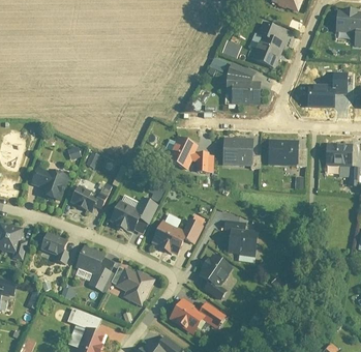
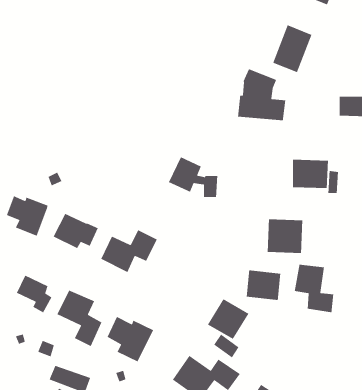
building: [223,138,253,167] -> [267,219,303,254]
building: [152,219,202,256] -> none
building: none -> [294,264,334,313]

